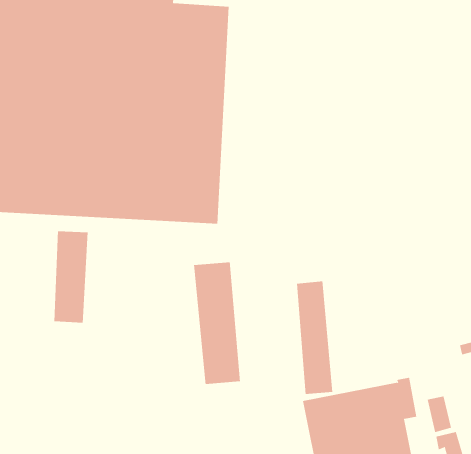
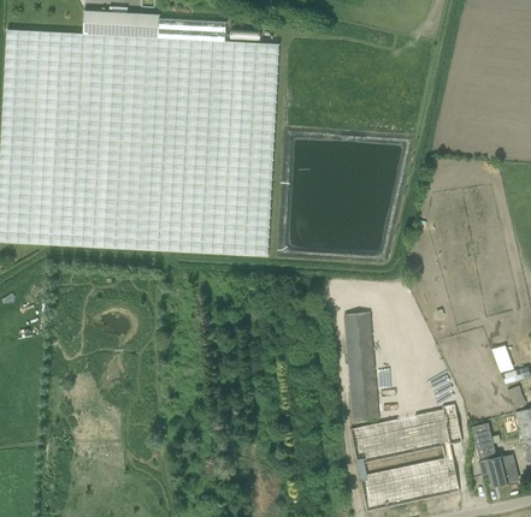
building: [54,230,88,323] -> none
building: [194,261,240,385] -> none

